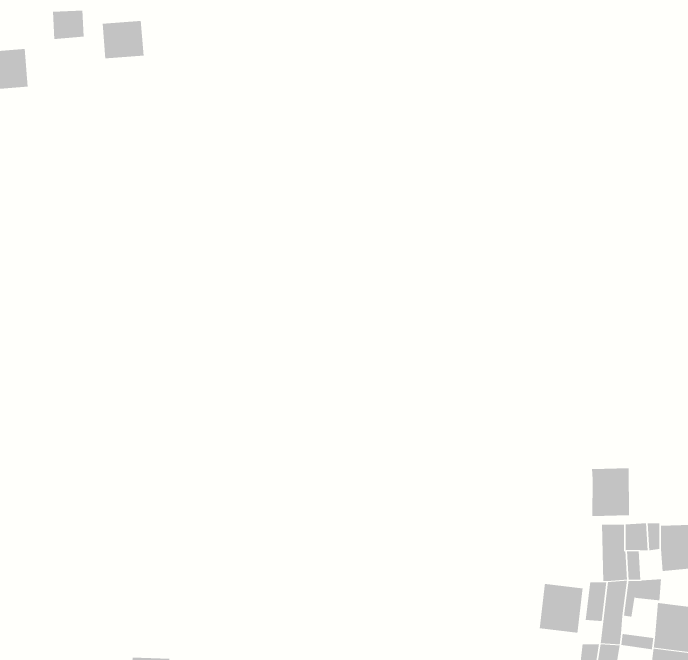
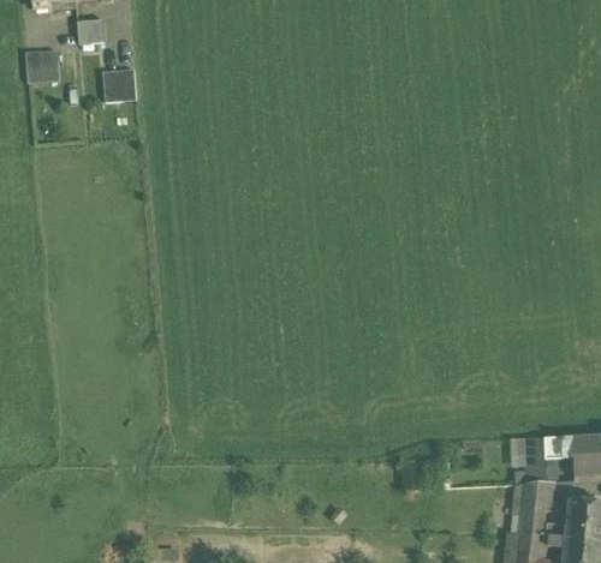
building: [102,21,145,59] -> [101,68,136,100]
building: [592,467,629,517] -> none
building: [539,583,583,634] -> none

